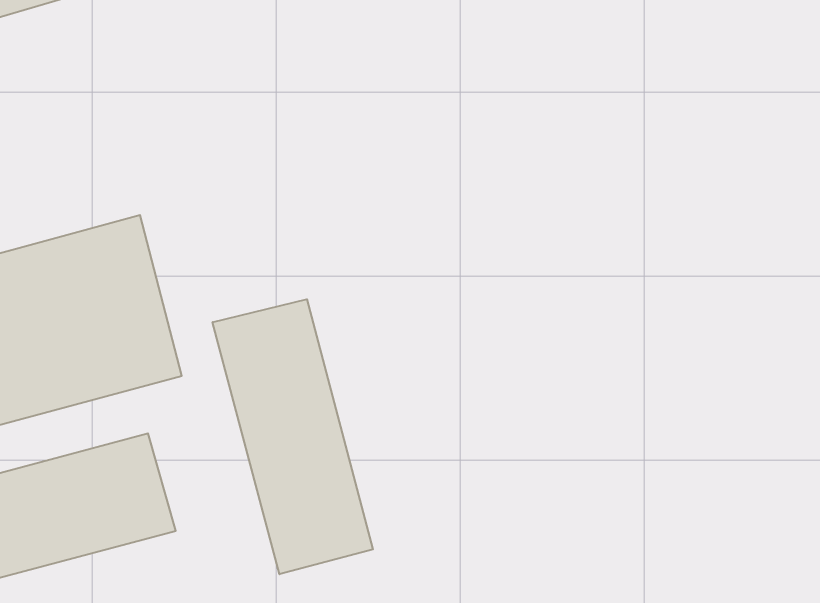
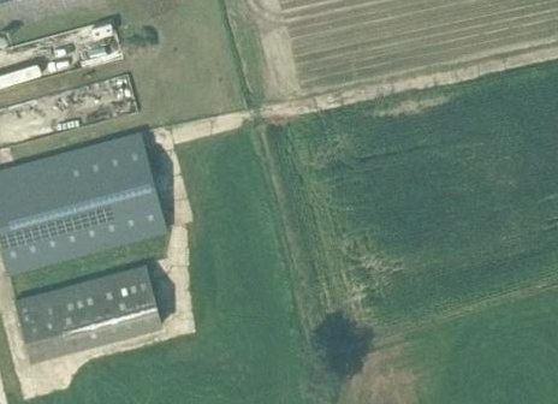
building: [213,299,373,574] -> none

